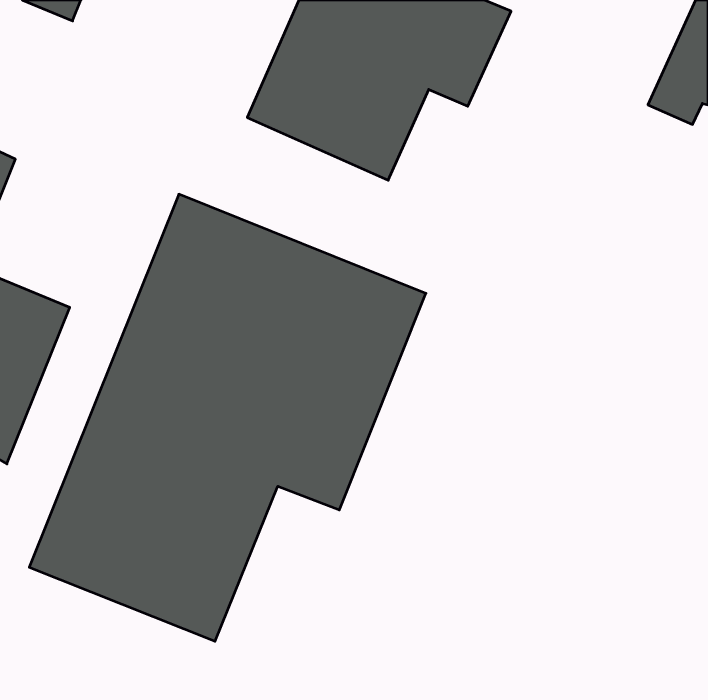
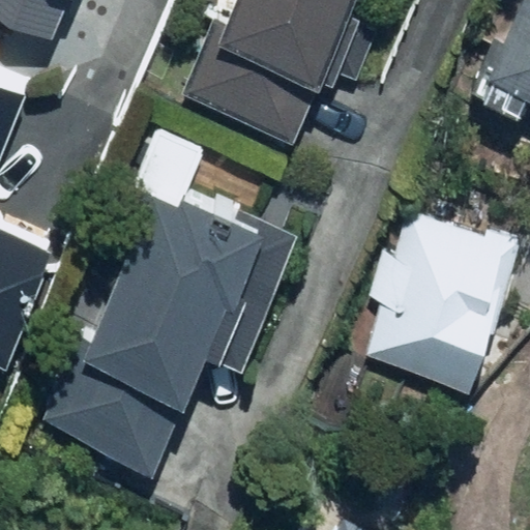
building: none -> [366,208,519,383]

